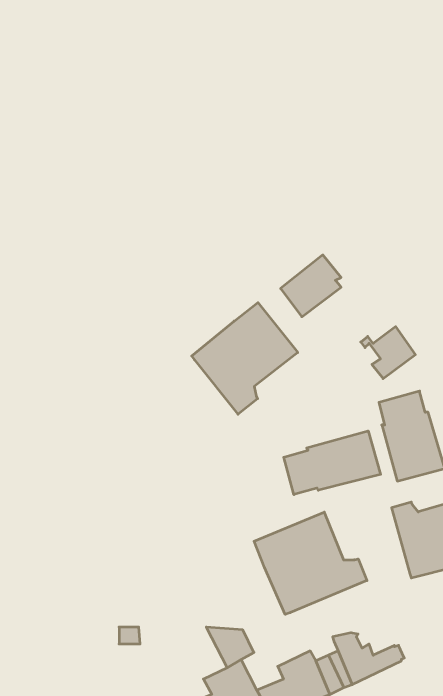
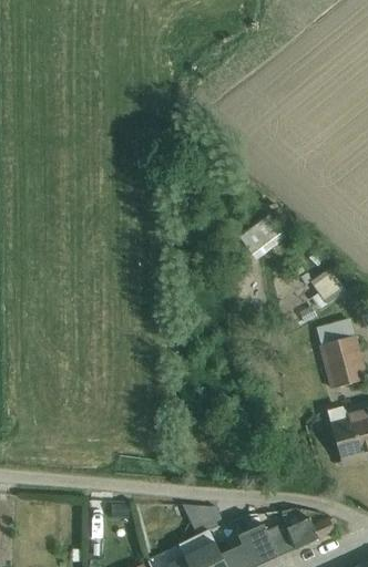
building: [192,303,298,414] -> none
building: [284,431,381,495] -> none
building: [254,512,367,614] -> none

